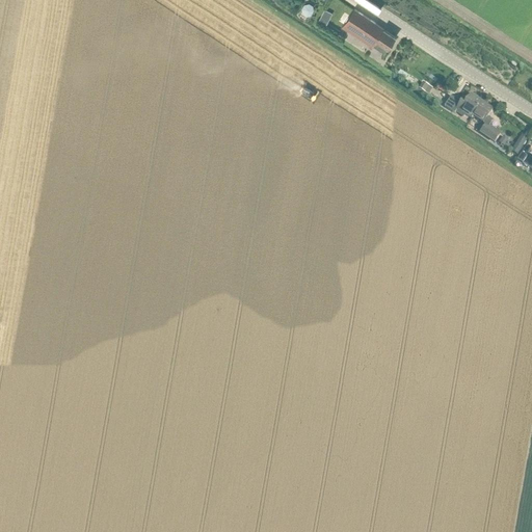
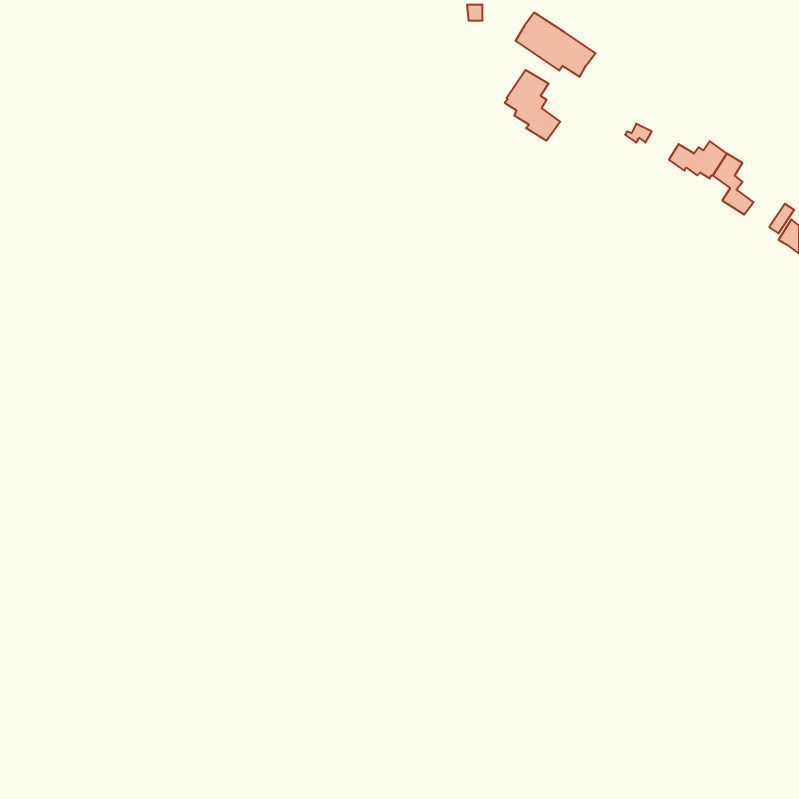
building: none -> [505,70,560,141]

